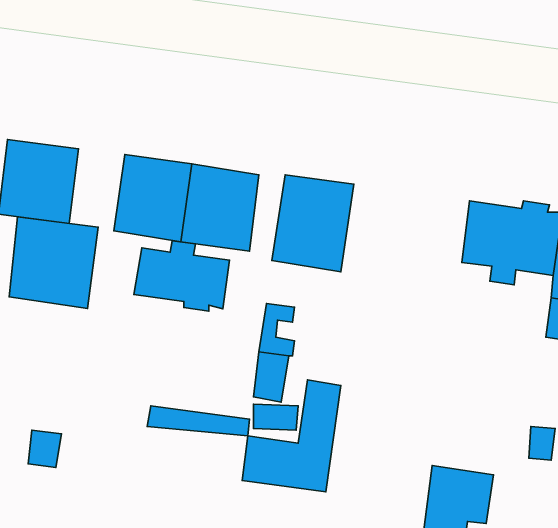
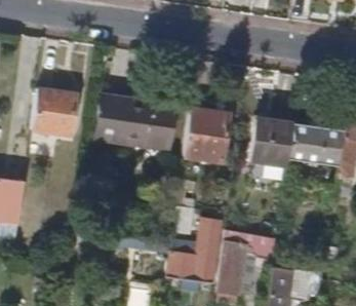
building: none -> [251,118,292,164]
building: [9,217,98,308] -> none
building: [134,241,229,311] -> none
building: none -> [217,228,277,294]

